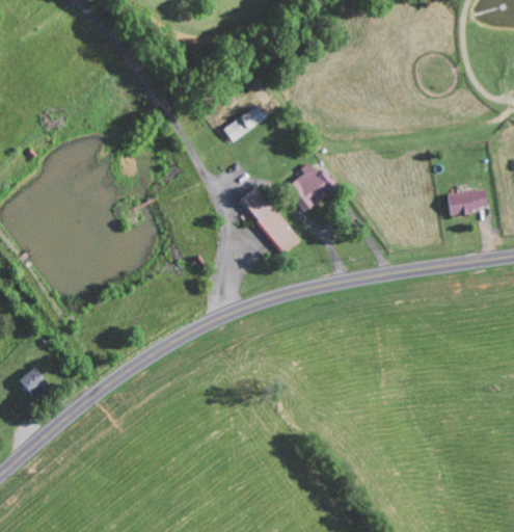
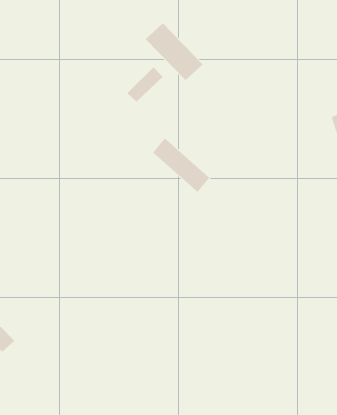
building: none -> [145,23,204,81]
building: [285,164,339,211] -> none

